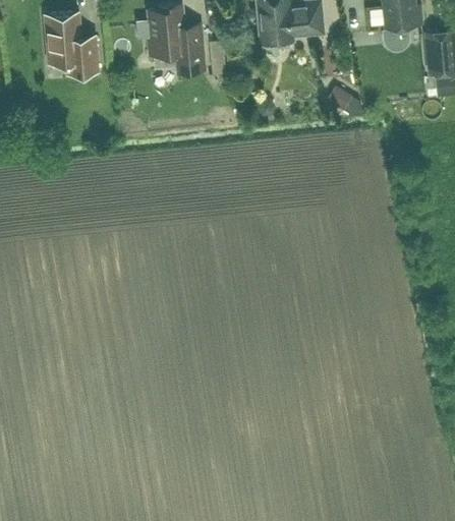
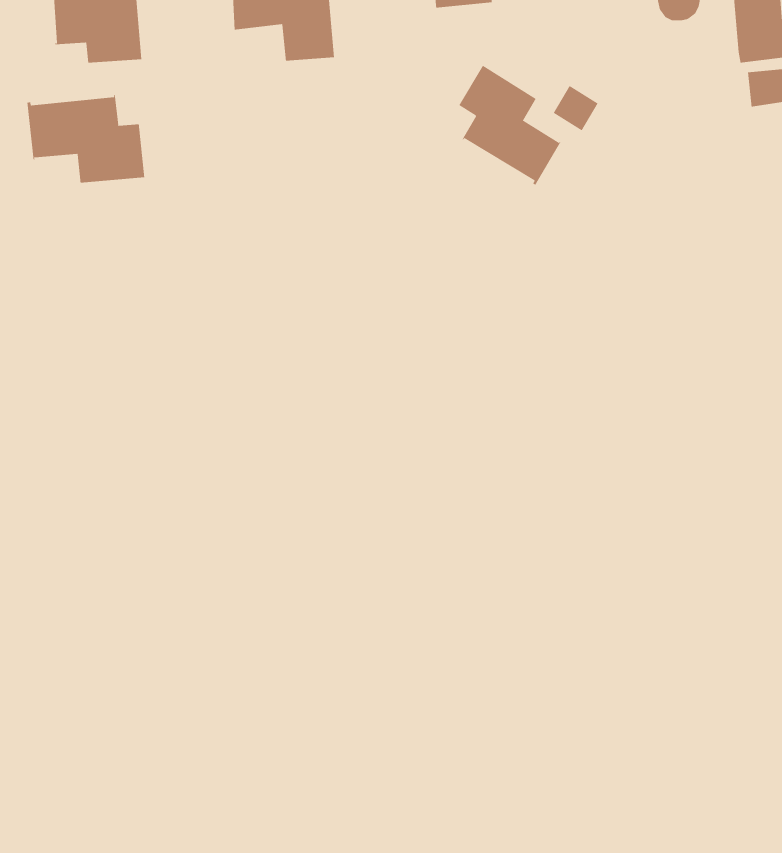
building: none -> [459,65,561,185]
building: none -> [27,94,145,183]

